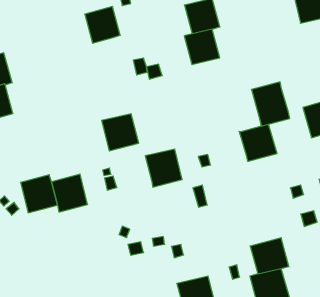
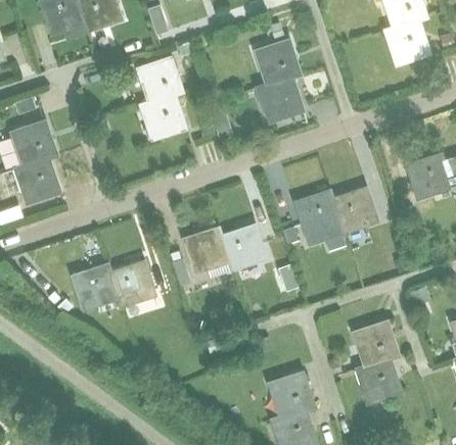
building: none -> [144,95,185,141]
building: [251,82,290,126] -> [294,190,343,244]
building: [102,114,139,151] -> [183,228,229,274]

